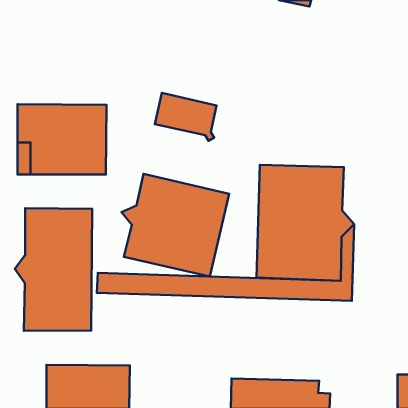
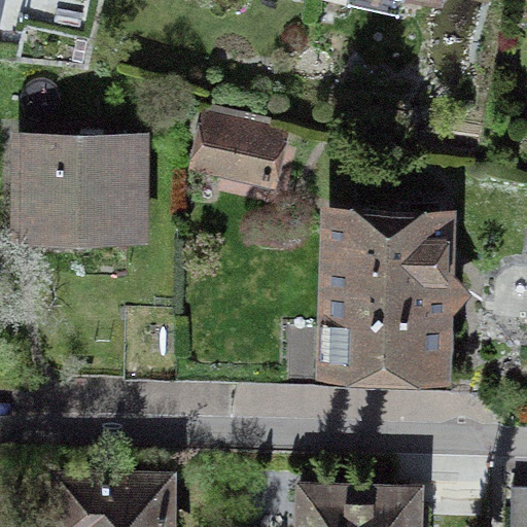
building: [122,174,229,276] -> none
building: [15,208,92,331] -> none

